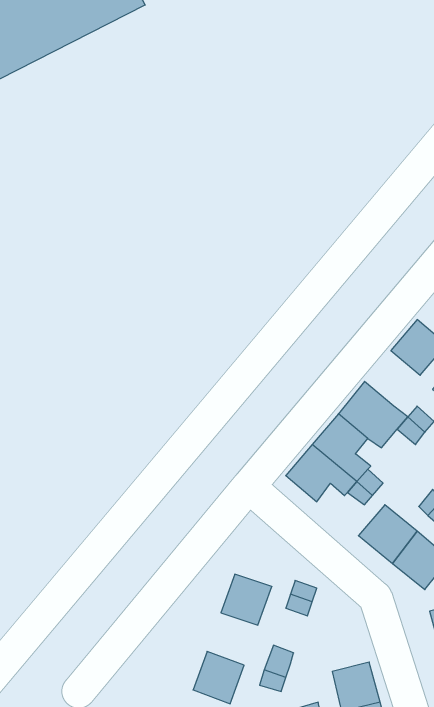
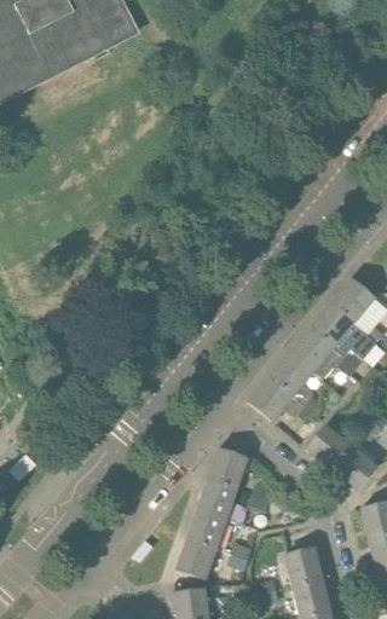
building: none -> [310,302,353,346]
building: none -> [208,447,247,487]
building: none -> [186,508,226,549]

